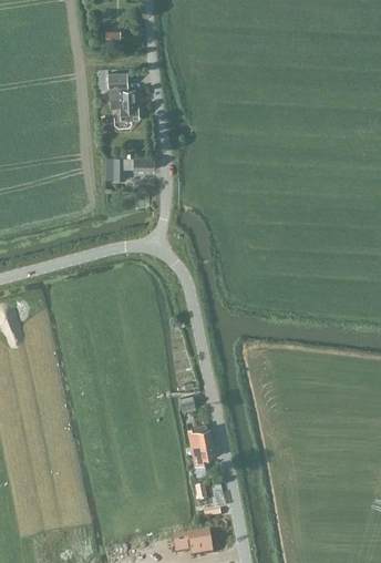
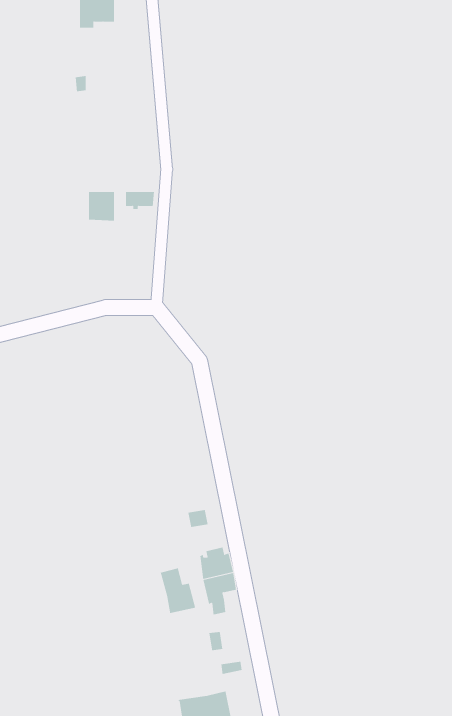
building: [106,73,138,120] -> none
building: none -> [160,567,196,614]

